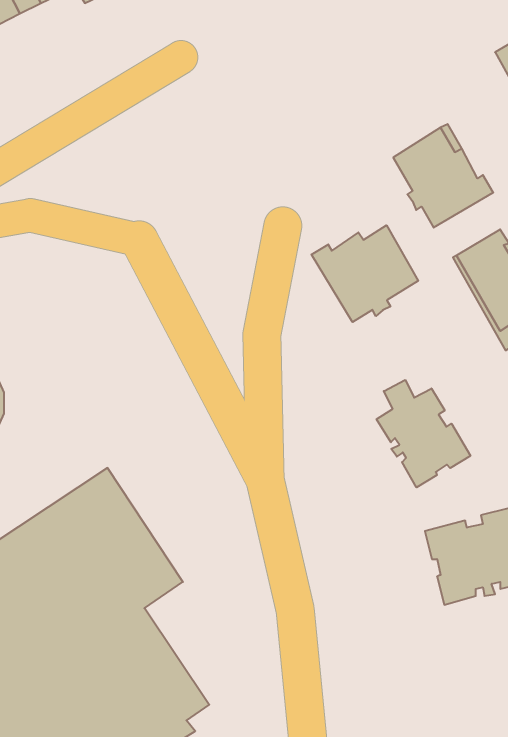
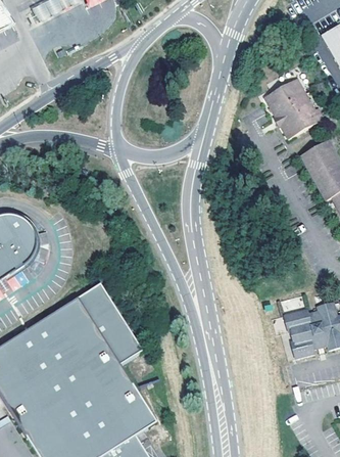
building: [311,225,418,322] -> none
building: [377,380,470,487] -> none

